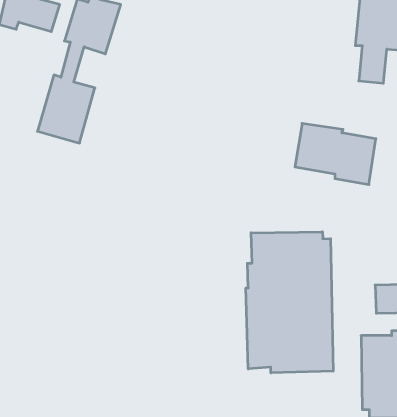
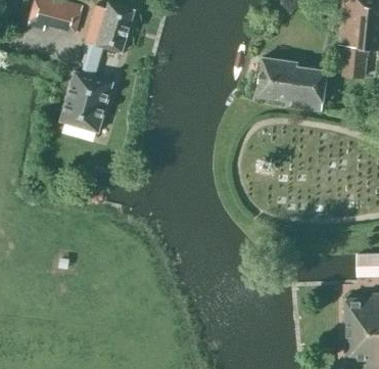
building: [295,123,376,185] -> [256,57,327,110]
building: [246,232,333,373] -> none

